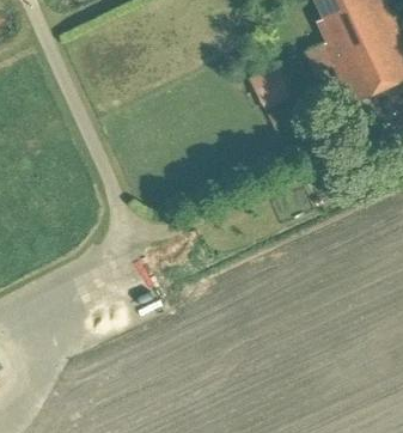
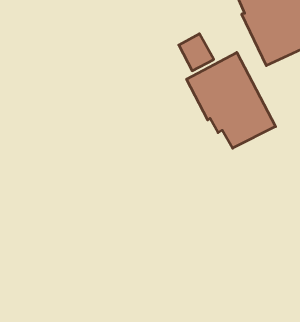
building: none -> [187,52,276,148]

